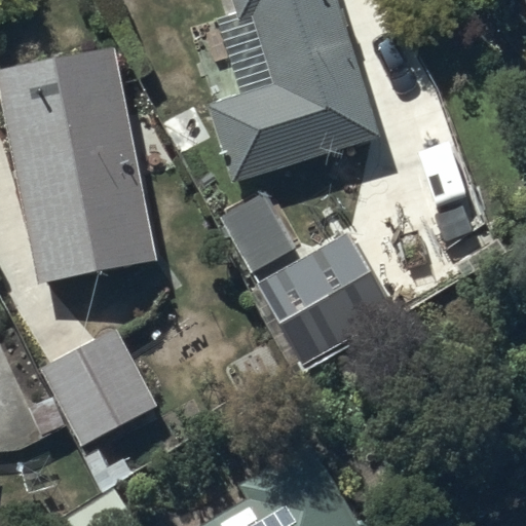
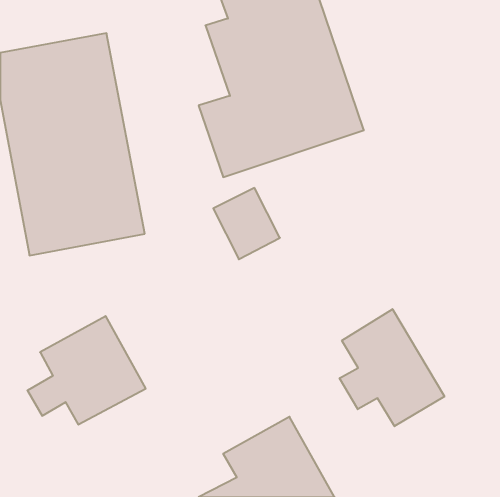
building: [257,243,377,366] -> none
building: none -> [340,309,444,426]

